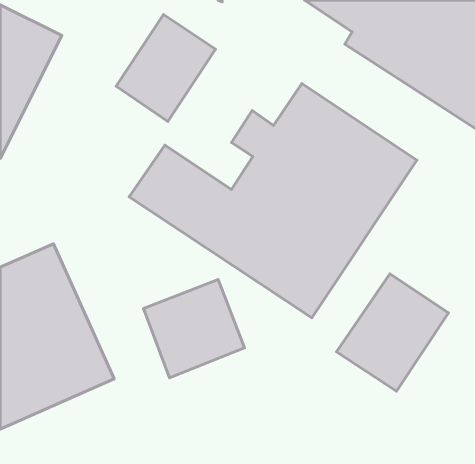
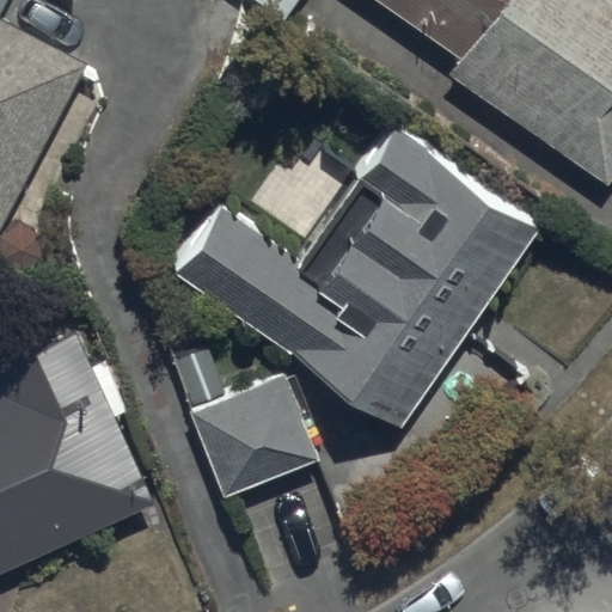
building: [116,15,215,122] -> none
building: [337,274,449,391] -> none

